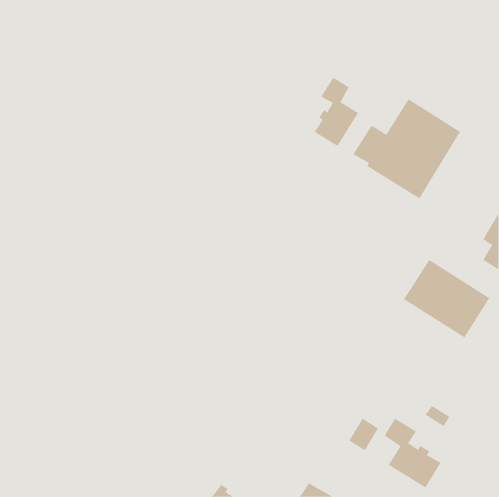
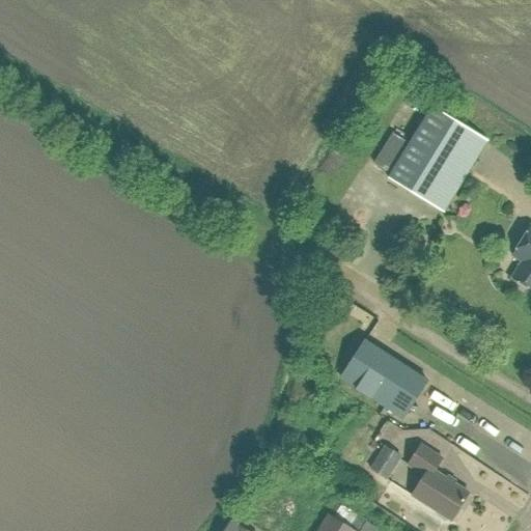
building: [314,77,359,147] -> none
building: [403,259,490,338] -> [337,338,429,422]

